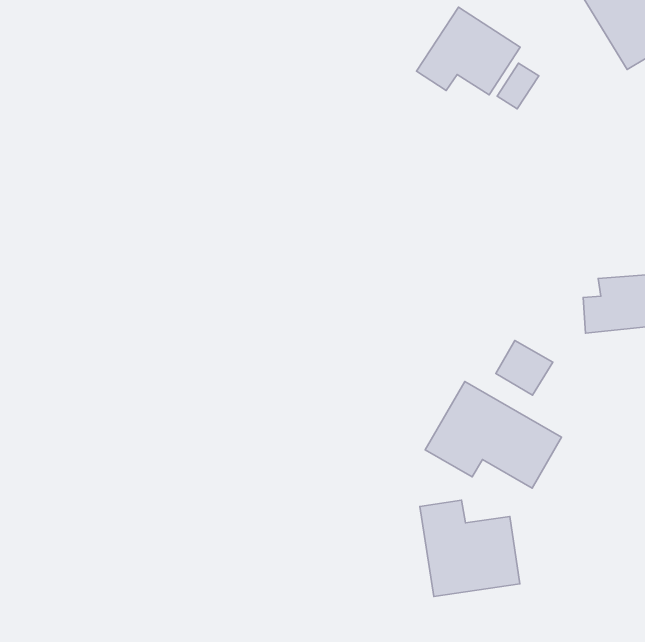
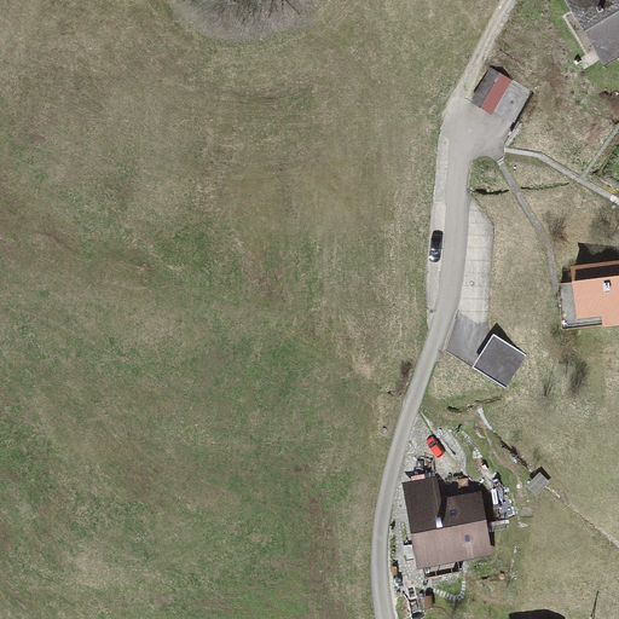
building: [416,7,520,95] -> none
building: [425,382,562,488] -> none

